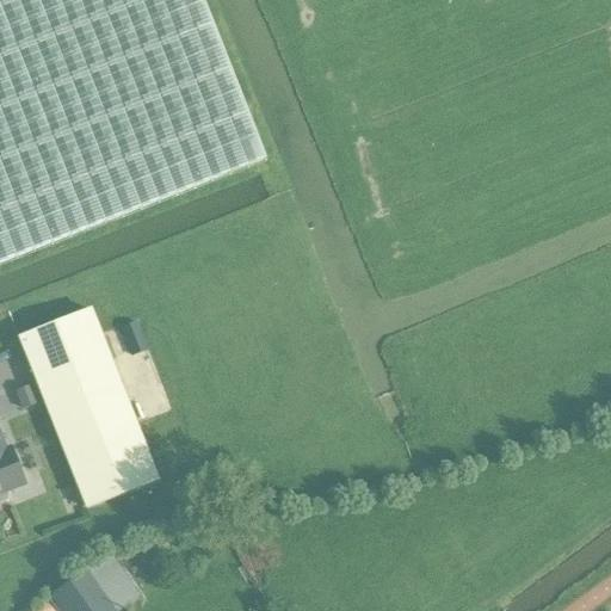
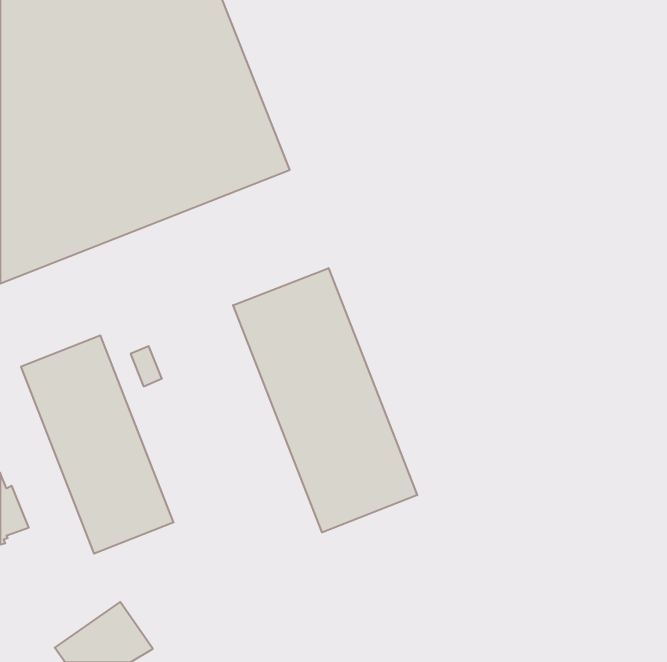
building: none -> [233,268,417,532]

